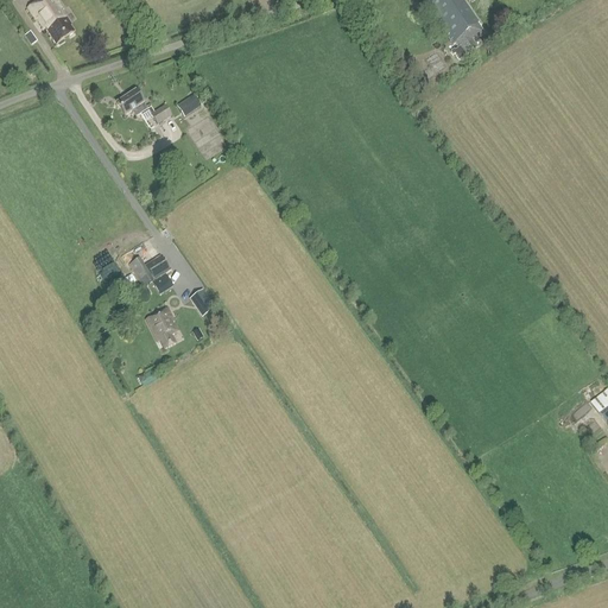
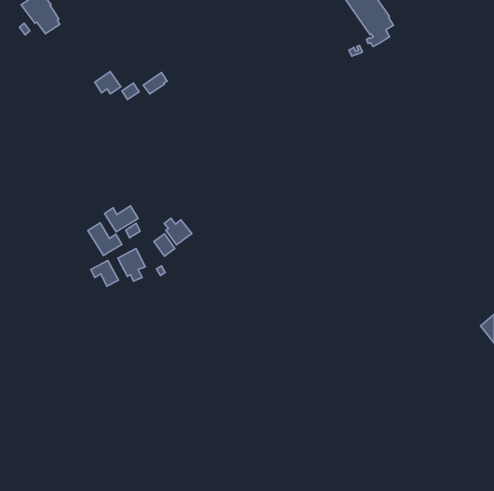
building: none -> [164,218,192,245]
building: none -> [88,223,122,255]
building: none -> [91,261,118,286]

